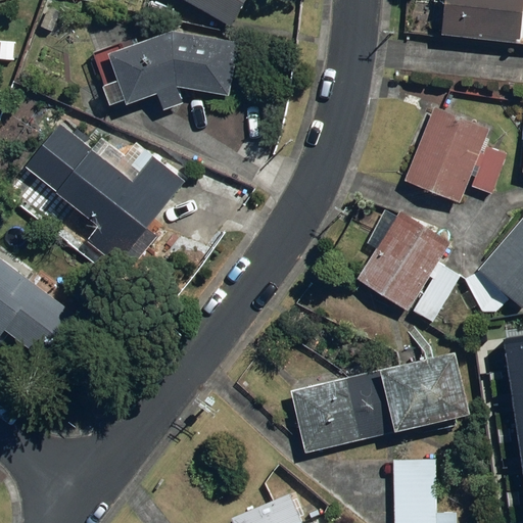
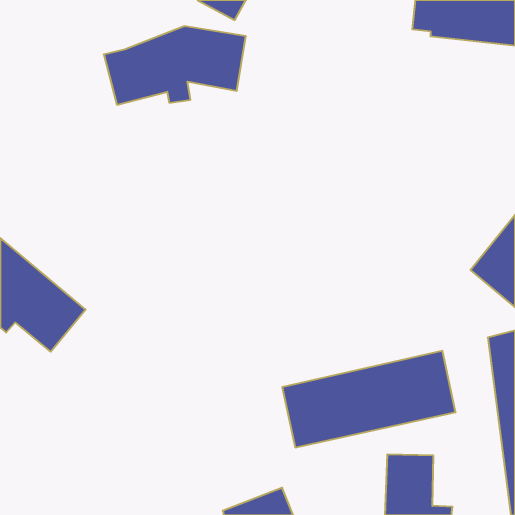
building: [402,109,502,205] -> none
building: [31,121,193,260] -> none
building: [351,208,461,320] -> none

